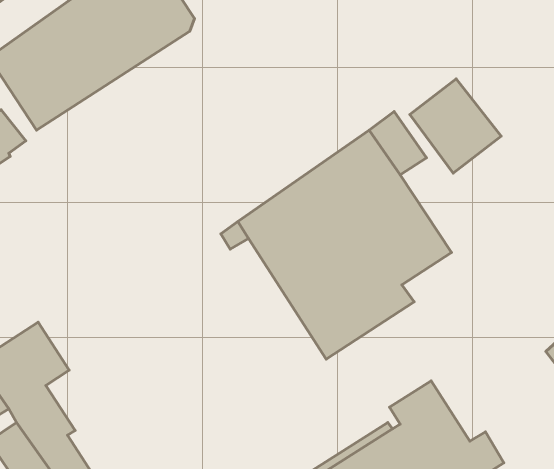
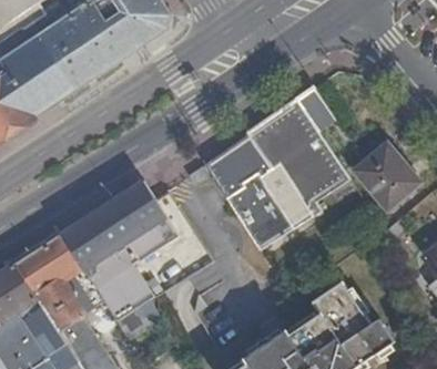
building: [410,79,501,173] -> [355,140,420,207]
building: none -> [59,181,175,332]

